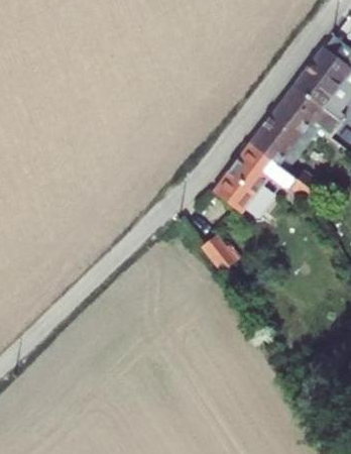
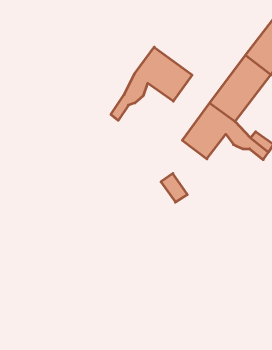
building: none -> [111,47,192,120]

